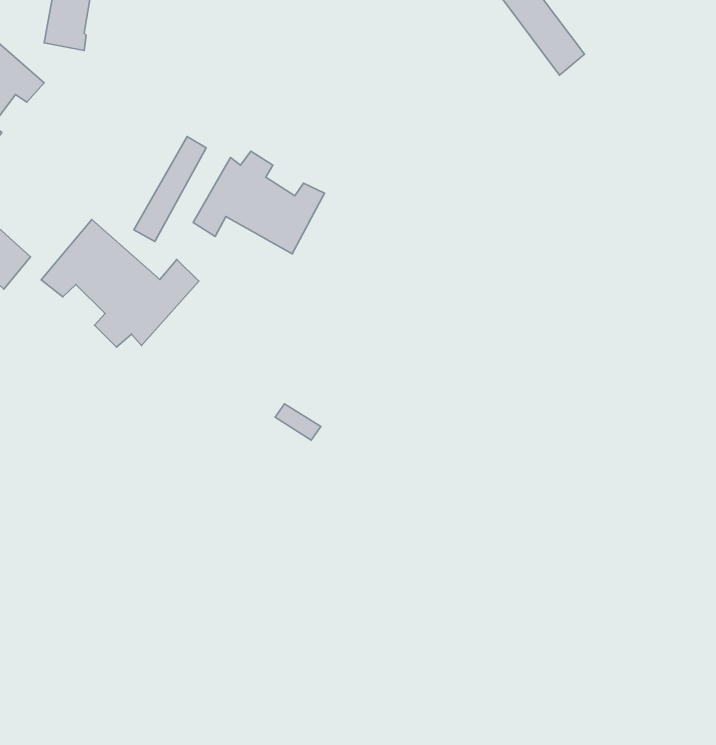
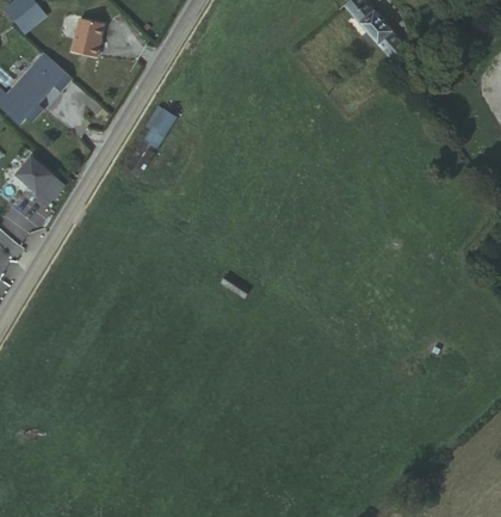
building: [193,151,324,254] -> none
building: [41,219,199,347] -> none

